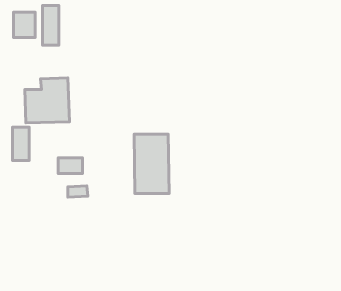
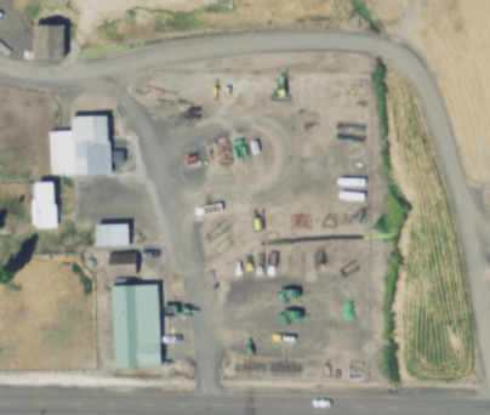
building: [43,5,59,45] -> none
building: [134,134,169,194] -> [113,284,161,366]

